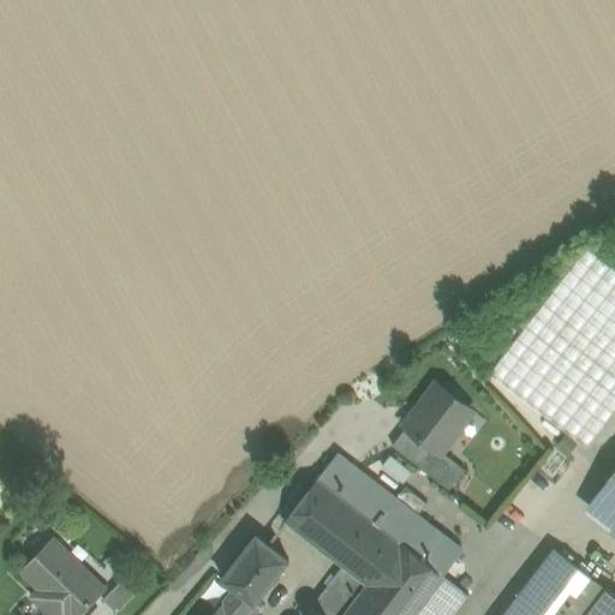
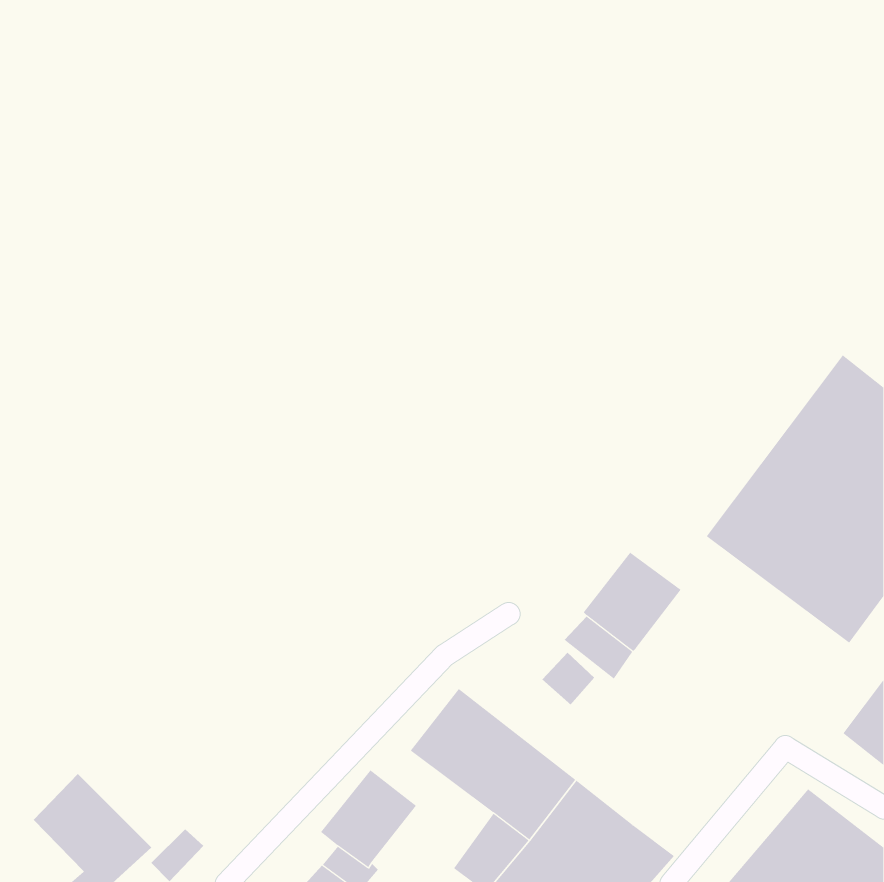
building: [426,452,466,491] -> none
building: [318,454,460,574] -> none

